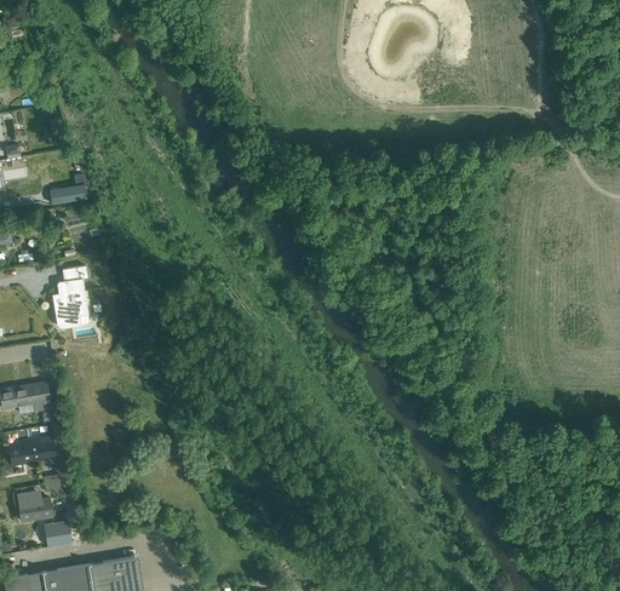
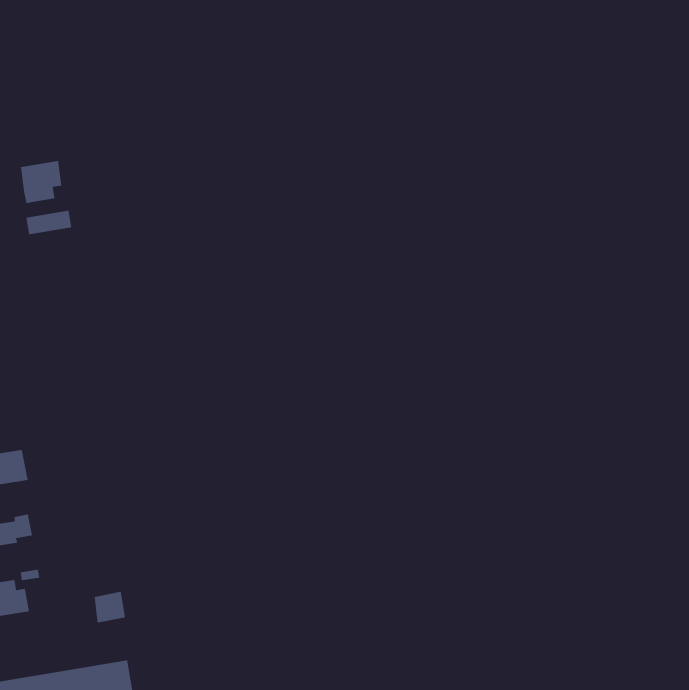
building: none -> [21,160,62,204]
building: [52,265,90,327] -> none
building: [45,520,71,546] -> [94,591,126,623]

